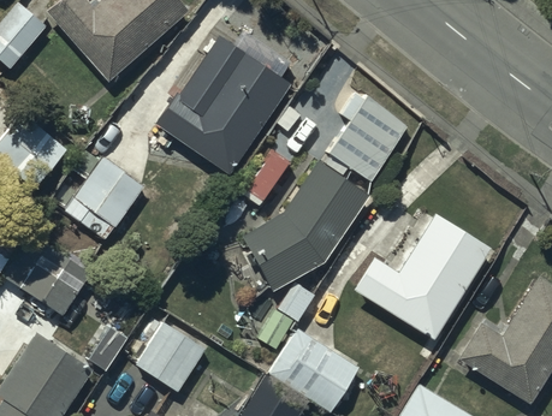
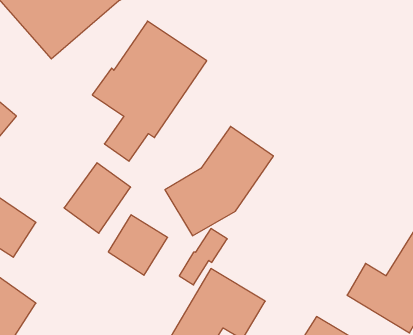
building: [327,91,408,182] -> none
building: [66,156,144,239] -> [64,163,131,233]
building: [356,214,491,338] -> none
building: [137,321,207,392] -> [108,215,168,275]

